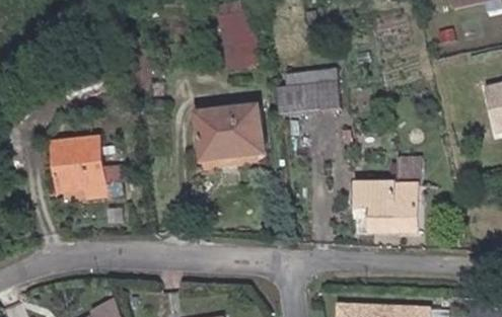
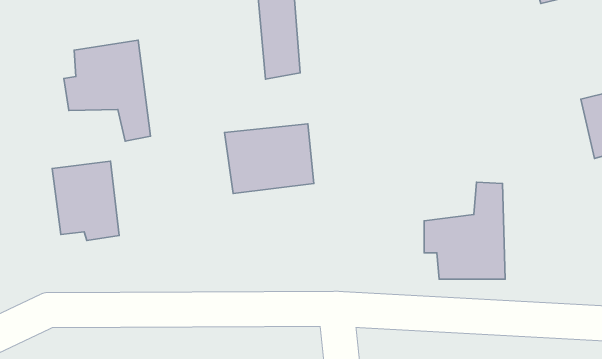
building: none -> [64,40,150,141]
building: [276,67,342,114] -> none

